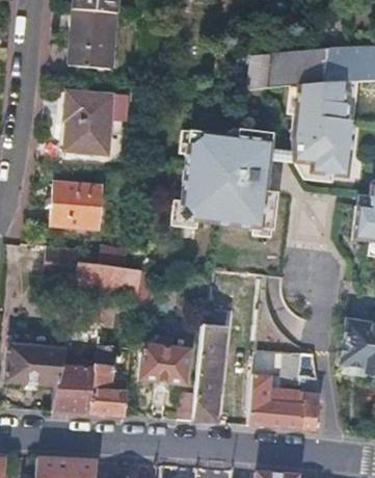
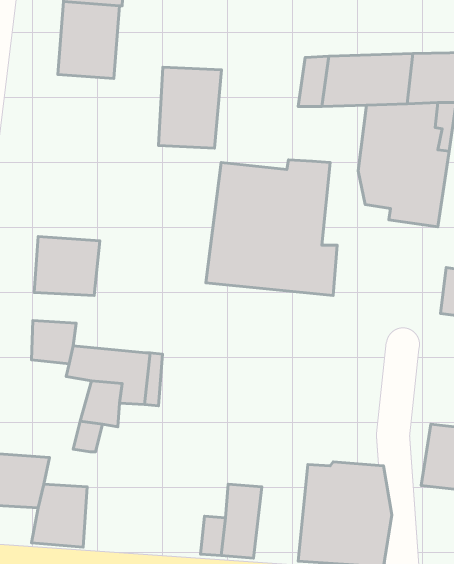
building: [66,91,113,152] -> [158,67,221,148]
building: [197,309,227,370] -> none
building: [139,338,189,383] -> none
building: [89,364,127,417] -> none

